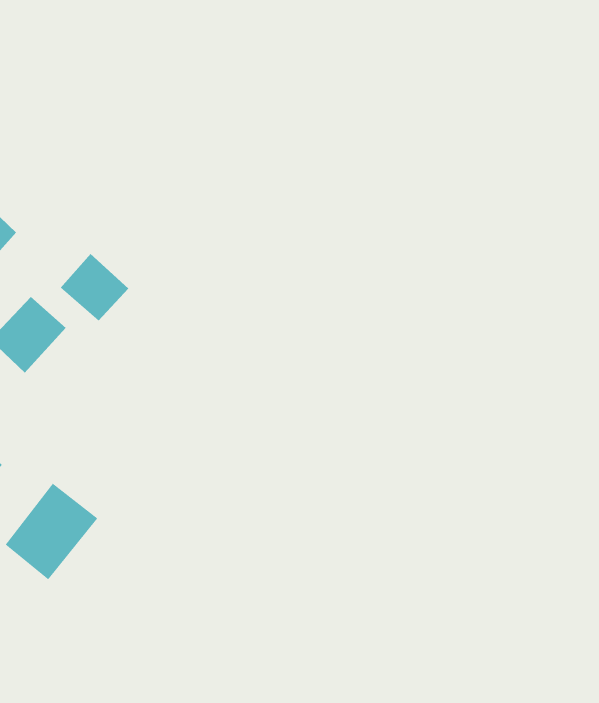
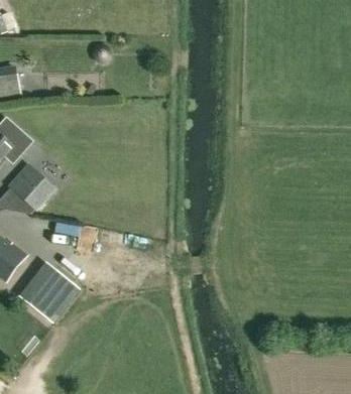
building: [60,253,129,321] -> none

